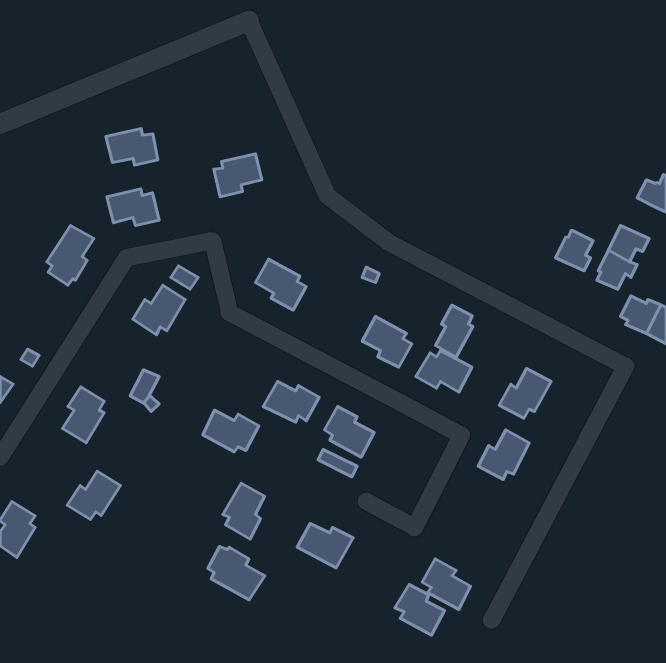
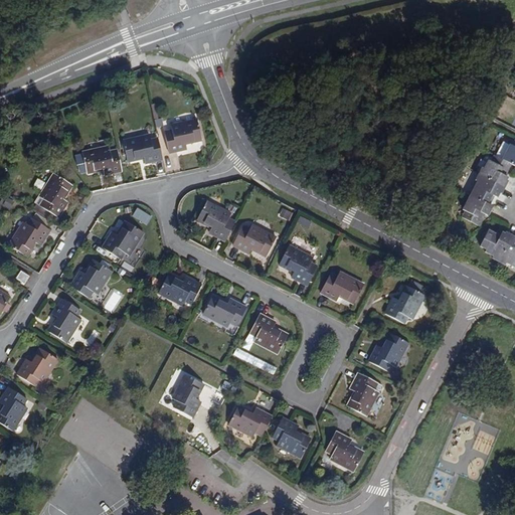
building: [106,129,158,165] -> [123,134,163,162]
building: [555,231,593,271] -> [479,153,508,184]
building: none -> [10,218,50,255]
building: none -> [233,224,277,255]
building: [435,305,473,357] -> none
building: none -> [70,260,112,298]
building: [203,410,259,452] -> [159,273,202,305]
building: [67,471,121,520] -> [17,348,58,385]
building: none -> [347,372,379,414]
building: [208,546,265,600] -> none
building: [395,584,444,635] -> [273,418,311,458]

